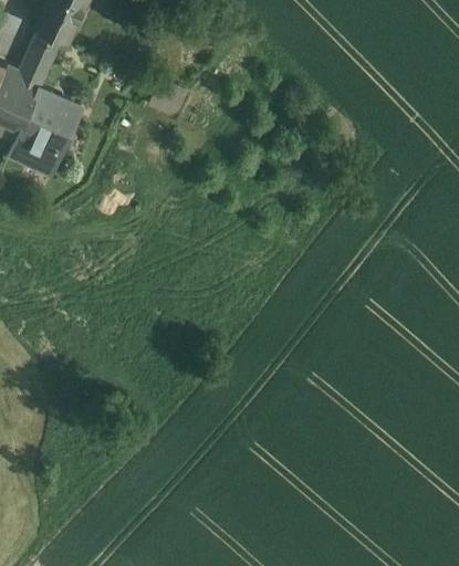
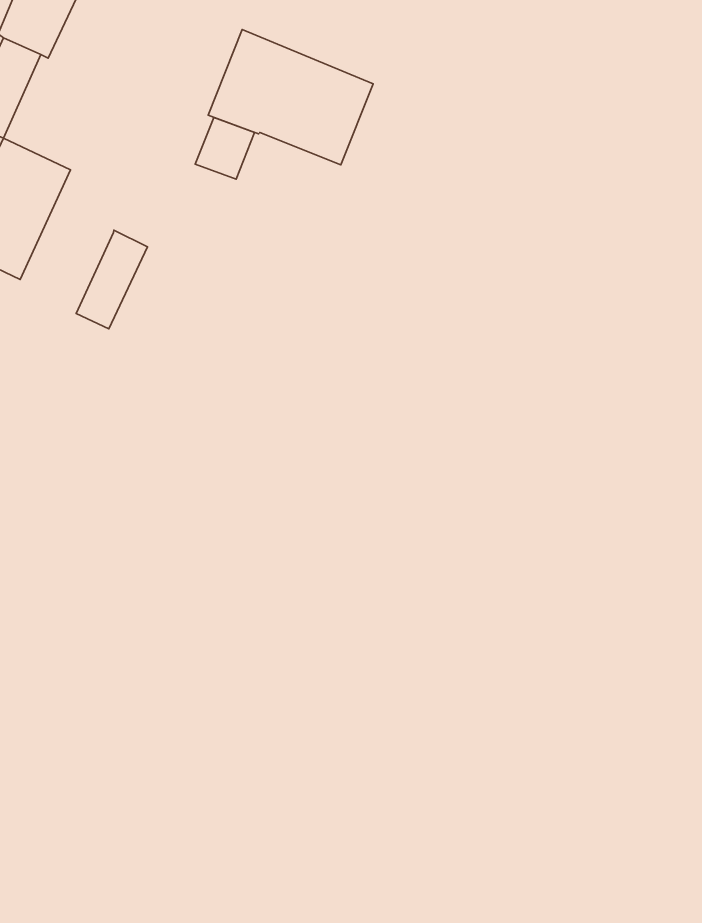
building: none -> [208,29,373,165]
building: none -> [76,230,148,329]

